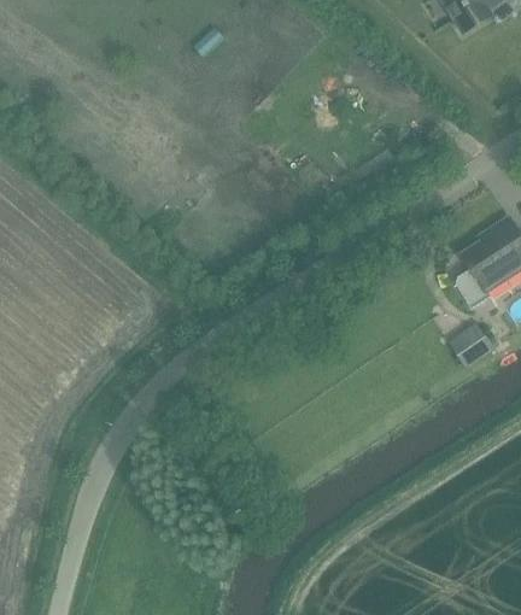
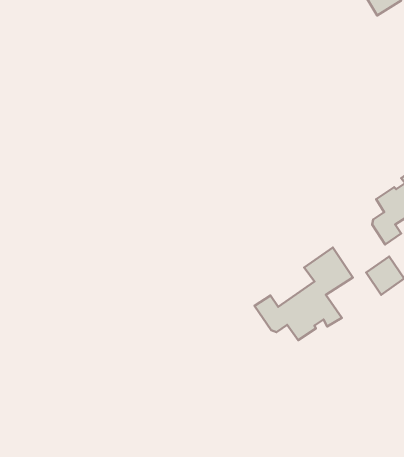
building: none -> [254,248,353,340]

